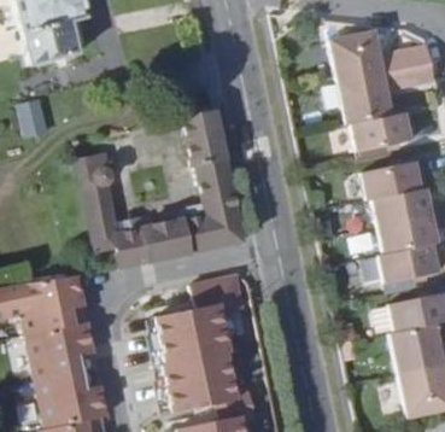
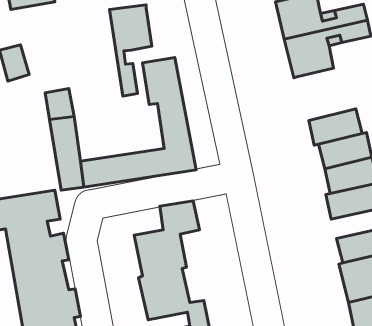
building: none -> [109,5,152,96]
building: [351,118,412,159] -> none

